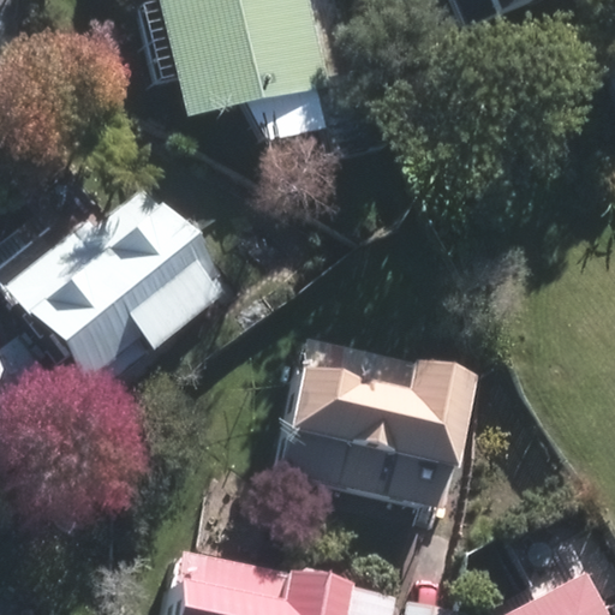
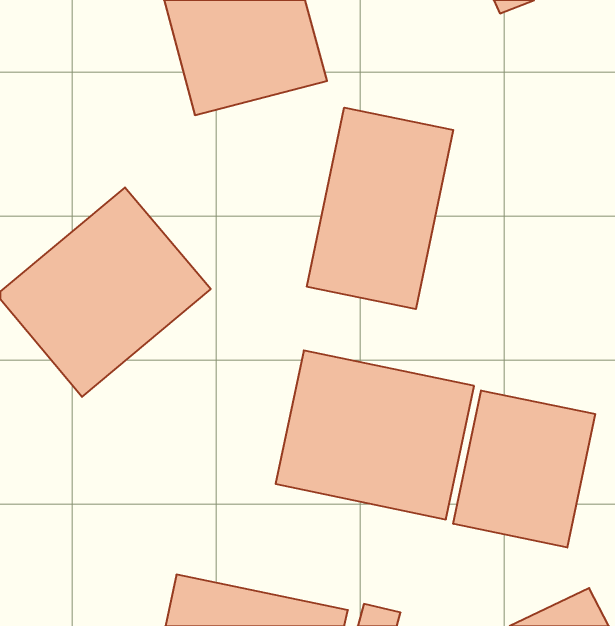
building: none -> [307,108,453,309]
building: none -> [453,390,595,548]

